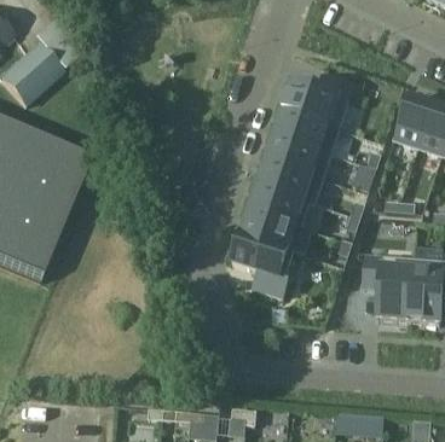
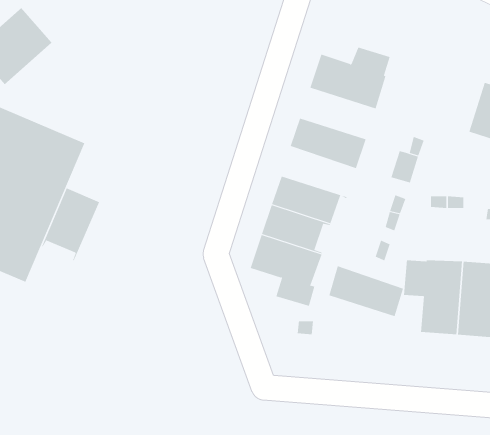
building: [394,97,432,147] -> none
building: [274,110,340,153] -> none
building: [259,159,323,203] -> [329,266,404,317]
building: none -> [41,187,100,262]

